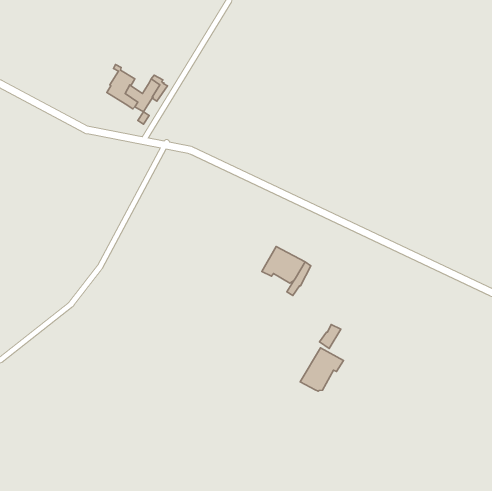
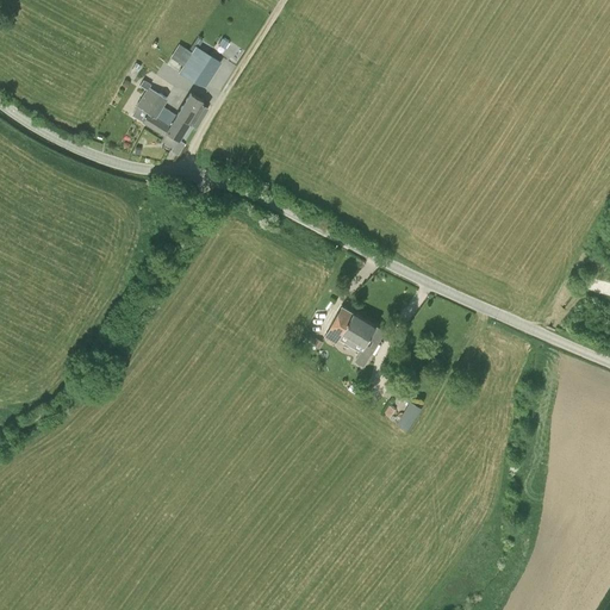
building: none -> [178,46,220,87]
building: [300,348,343,391] -> none

